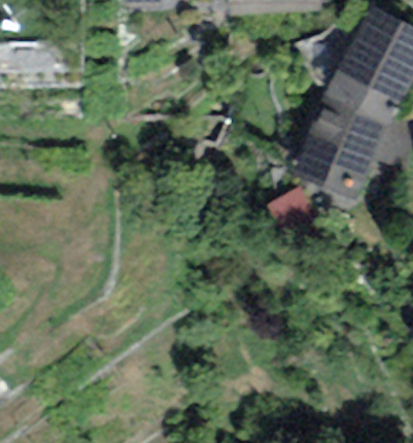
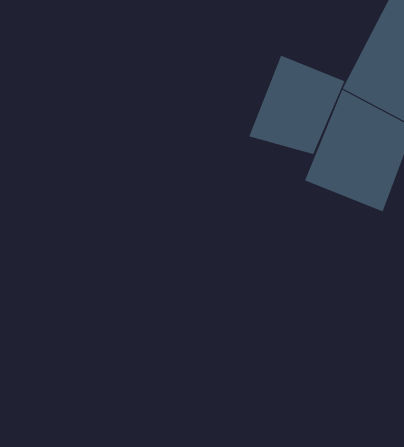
building: none -> [248,55,345,155]

